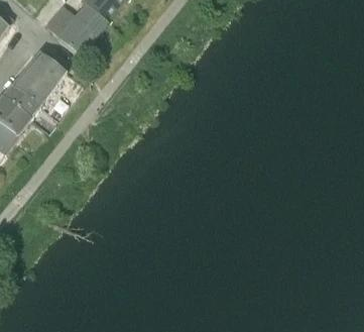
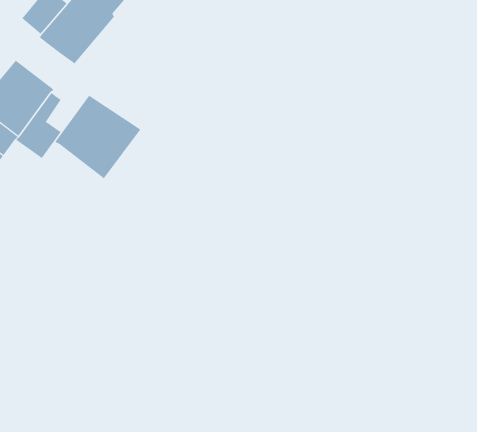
building: none -> [54,95,141,179]

